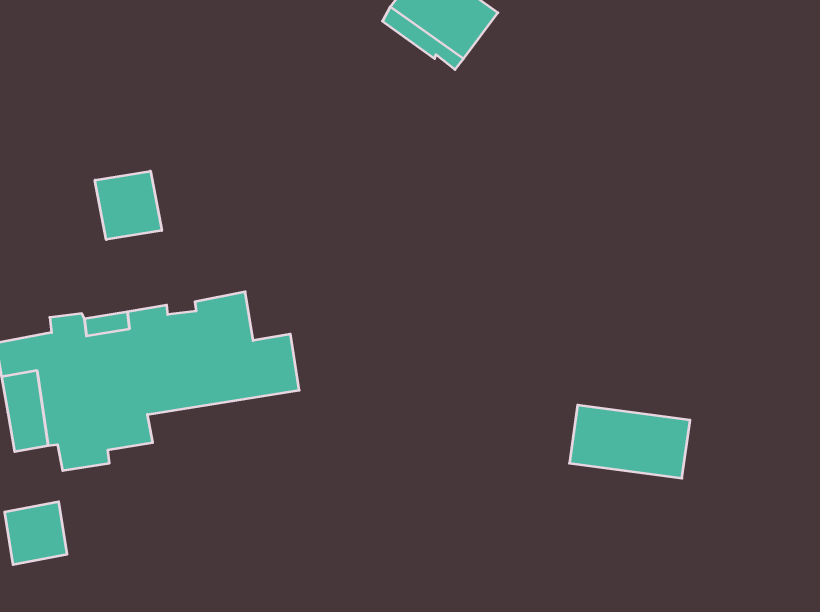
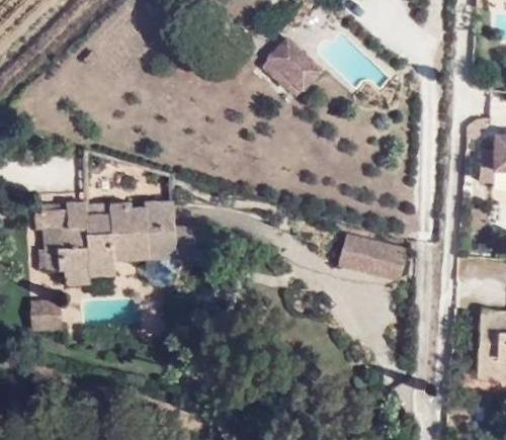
building: [95,171,162,240] -> none
building: [569,405,690,478] -> [339,235,406,280]

